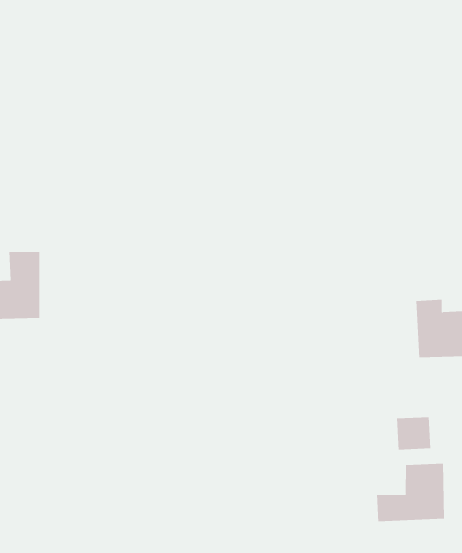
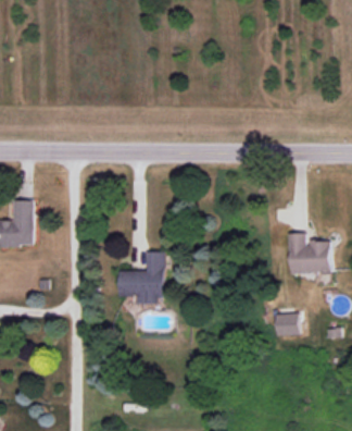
building: none -> [120,251,164,304]
building: [377,463,444,522] -> none

